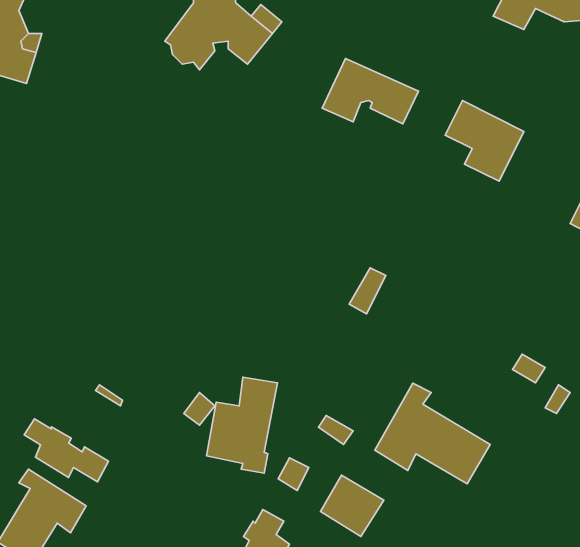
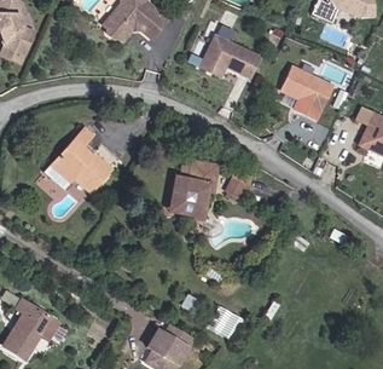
building: none -> [45,127,111,190]
building: [206,377,278,473] -> [168,160,213,220]
building: [375,383,490,484] -> none
building: [24,419,109,482] -> none

